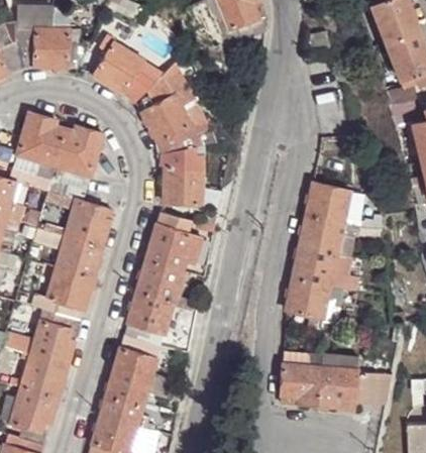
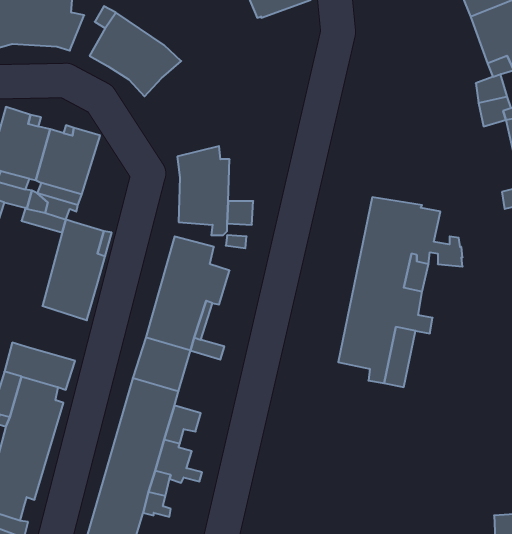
building: [140,67,207,151] -> none
building: [46,266,91,309] -> none
building: [280,348,390,405] -> none

